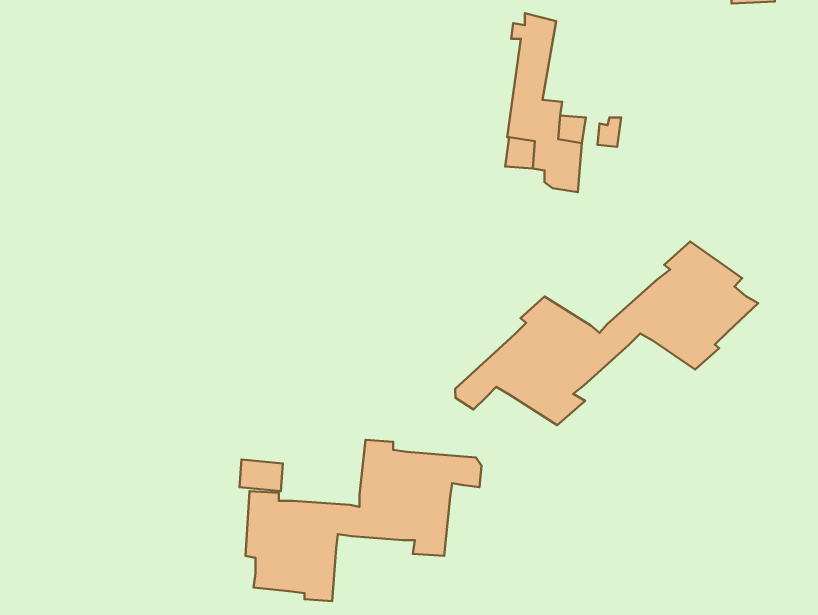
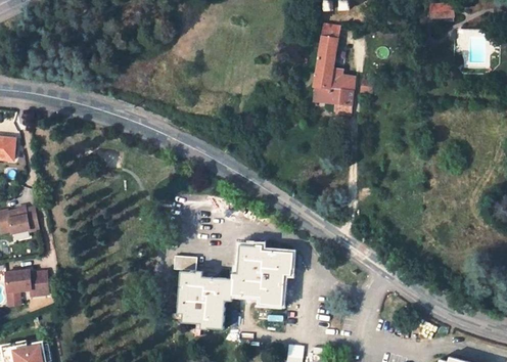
building: [455,242,758,425] -> none

